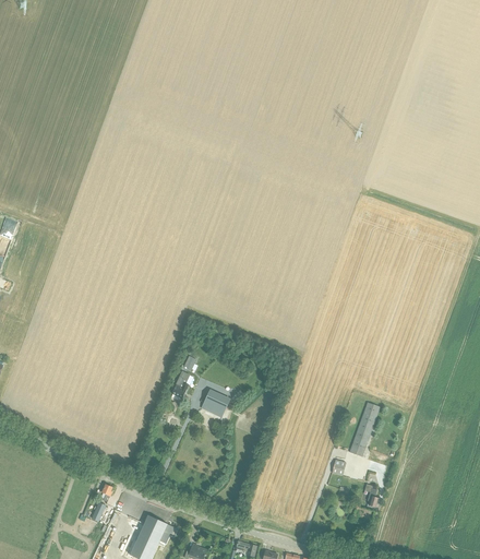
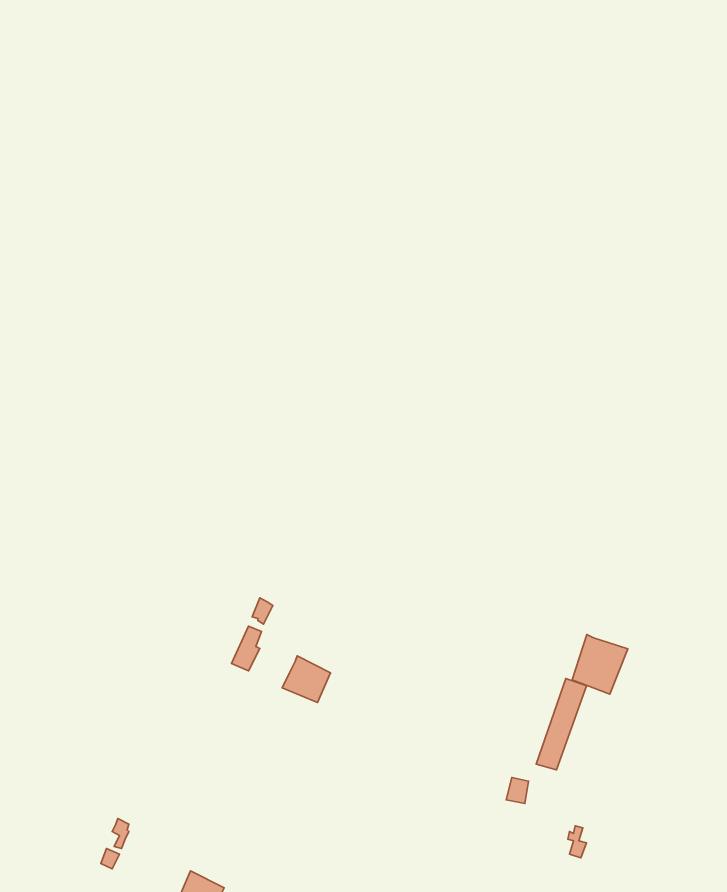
building: none -> [572,635,628,694]

